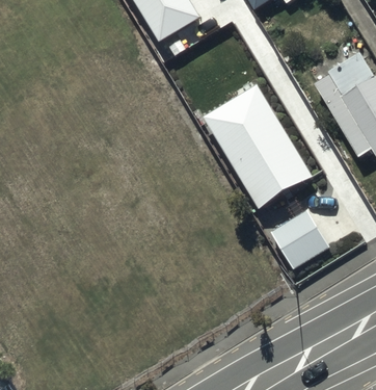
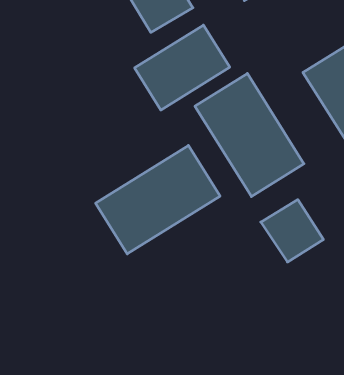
building: none -> [135,25,230,110]
building: none -> [96,145,220,254]

